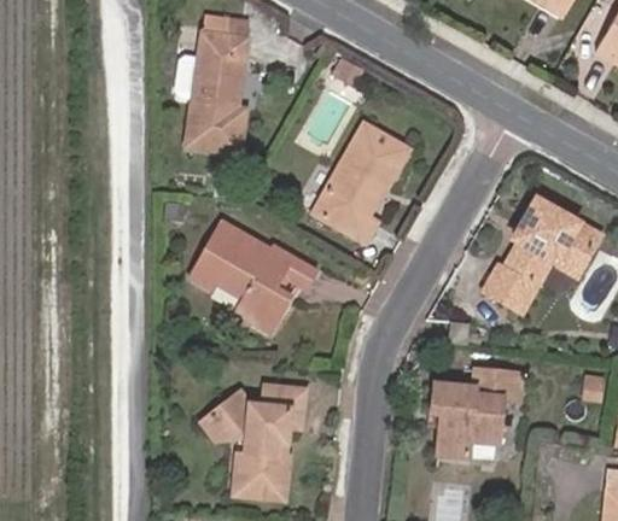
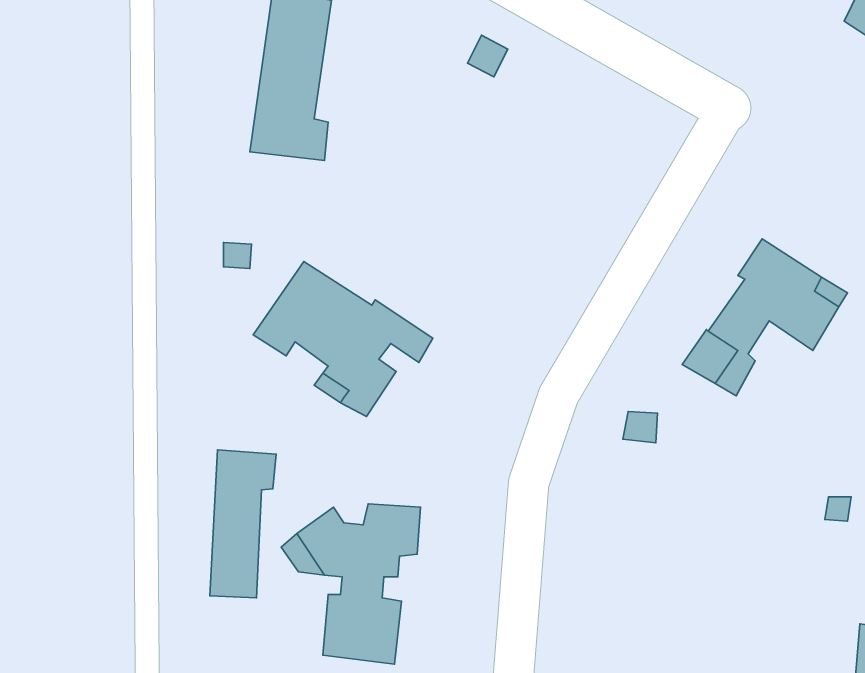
building: [313,124,409,241] -> none
building: none -> [210,450,276,598]
building: [428,370,518,457] -> none

